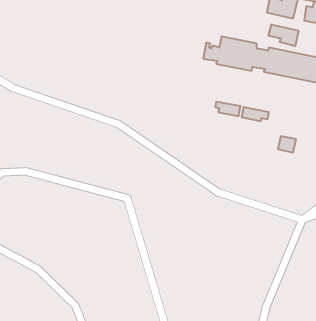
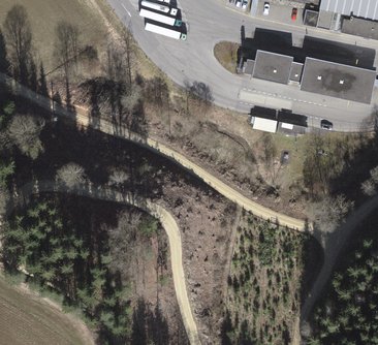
building: [269,24,298,46] -> none

